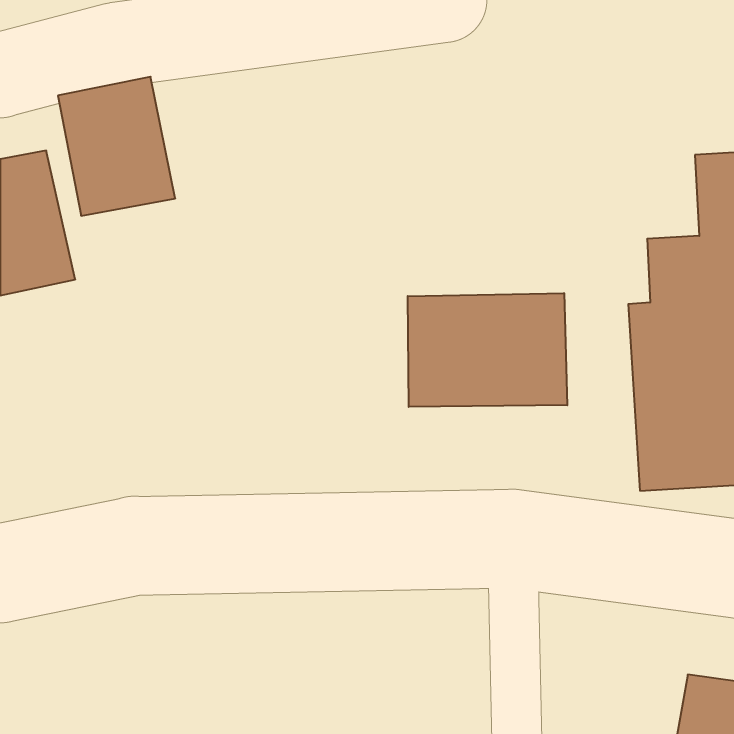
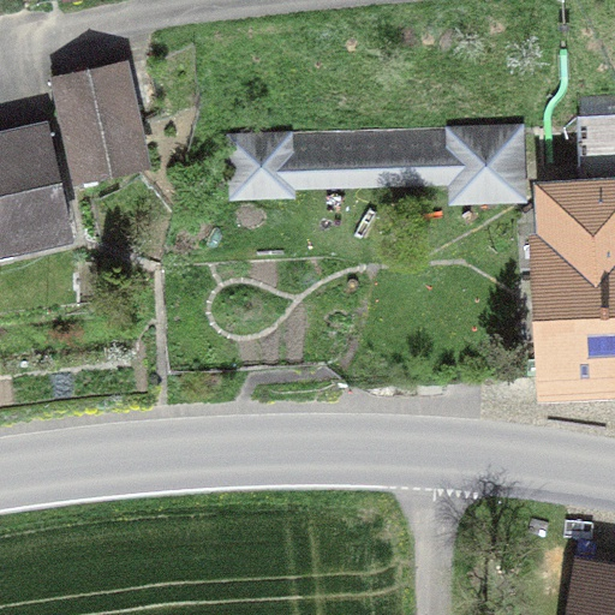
building: none -> [222,118,508,179]
building: [408,293,567,407] -> none

